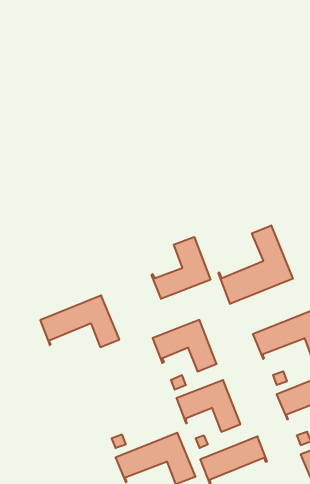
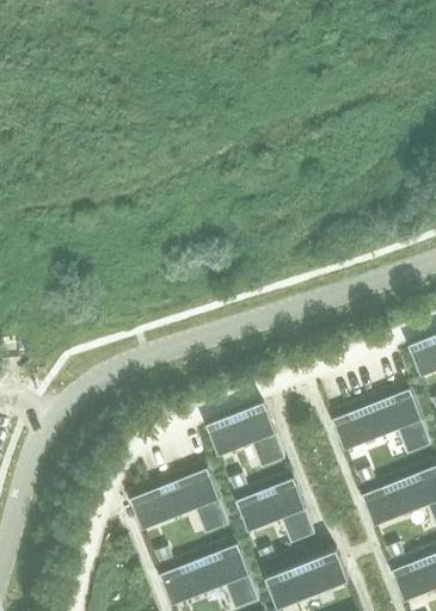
building: [218,225,293,304] -> none
building: [152,237,210,299] -> none
building: [40,295,119,347] -> [130,470,229,535]

